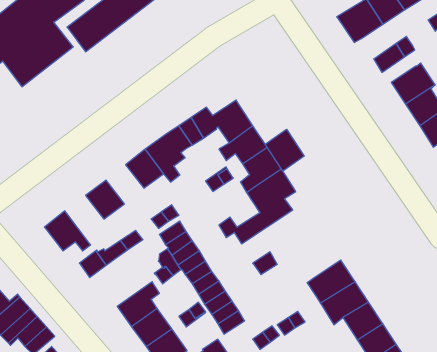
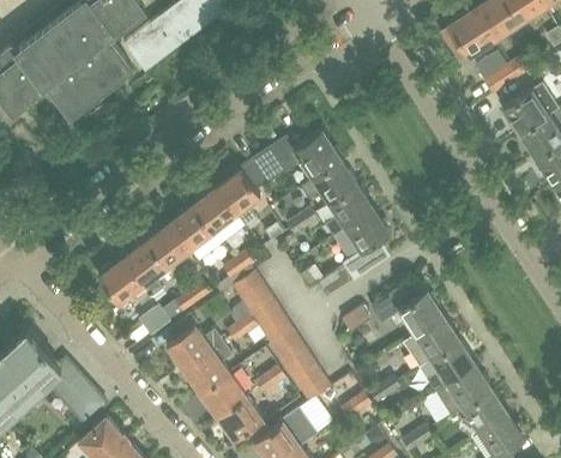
building: [265,129,304,171] -> none
building: none -> [169,205,213,251]
building: none -> [121,241,167,299]
building: none -> [372,285,444,336]
building: none -> [165,314,223,370]

